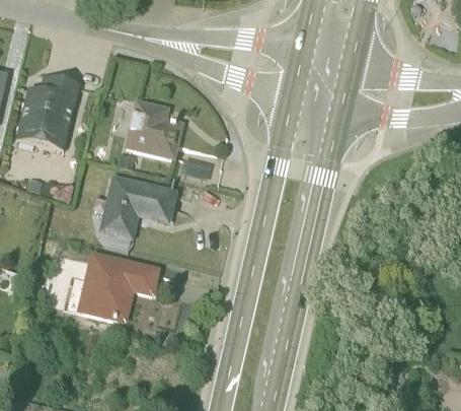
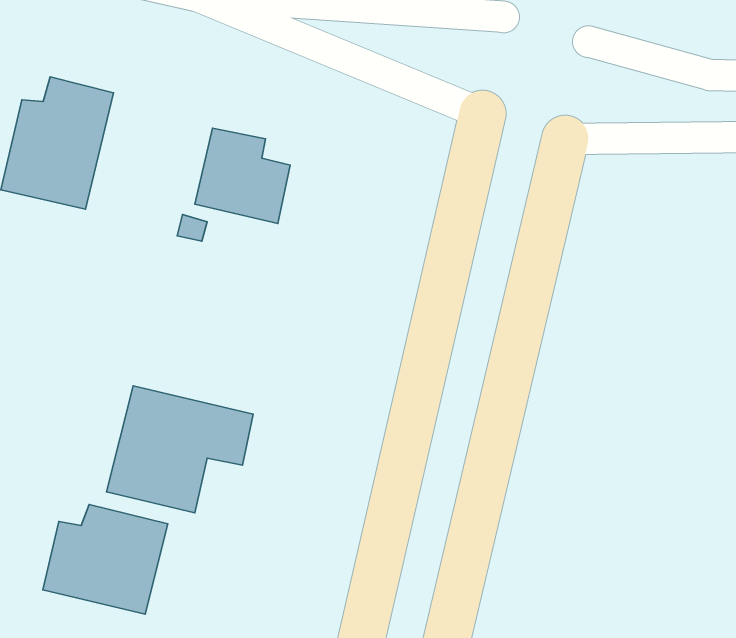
building: [99,177,176,239] -> none
building: none -> [43,504,168,614]

